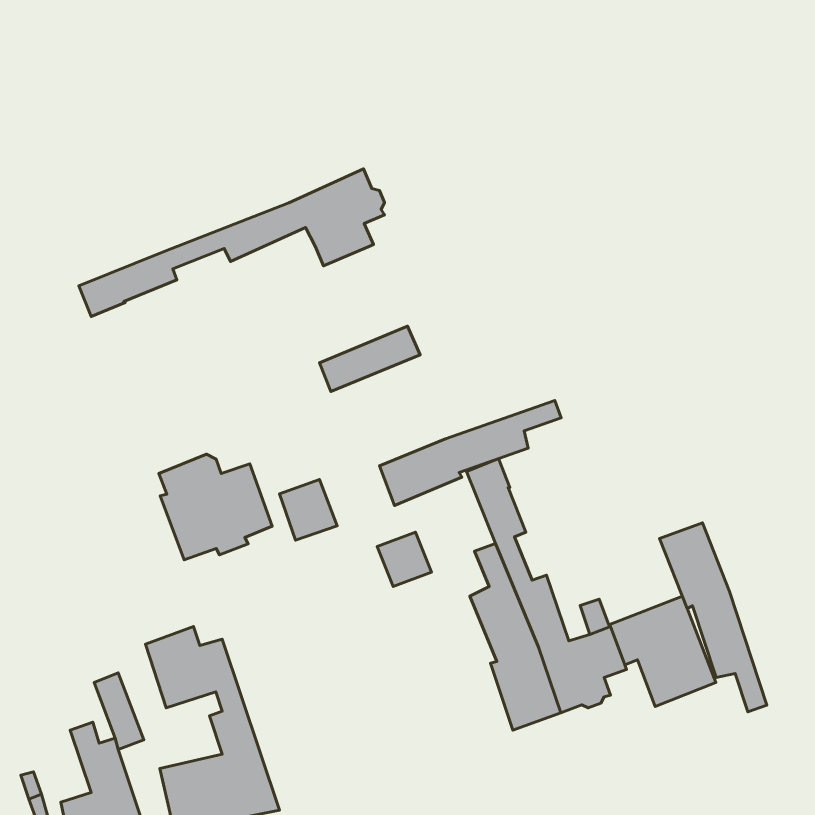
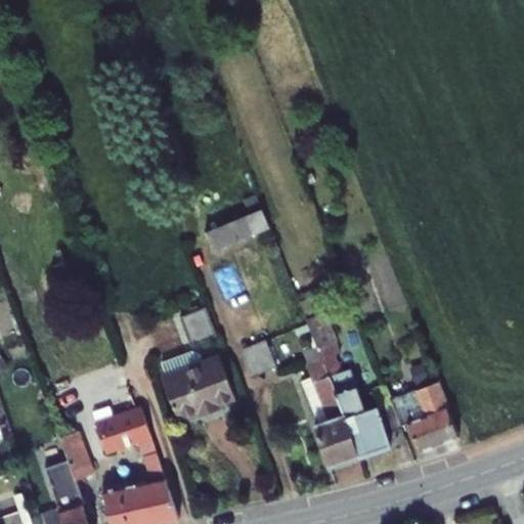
building: [79,169,385,316] -> none
building: [380,400,561,505] -> none
building: [159,454,272,560] -> [162,352,234,420]
building: [659,523,767,712] -> none

